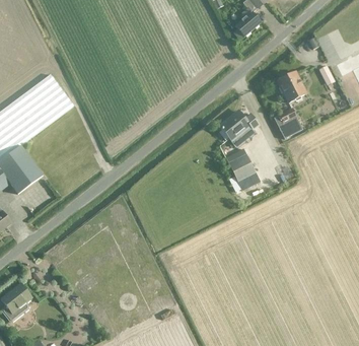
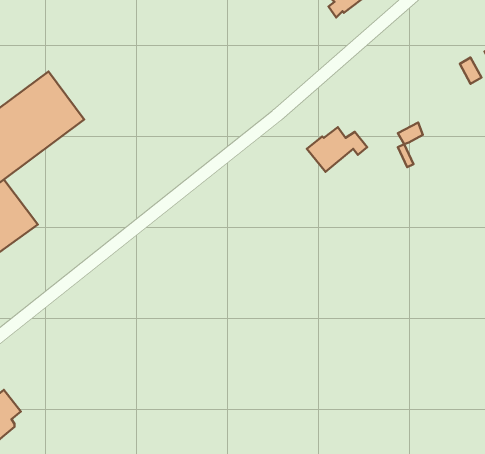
building: [277,72,306,102] -> none
building: [228,154,255,182] -> none

